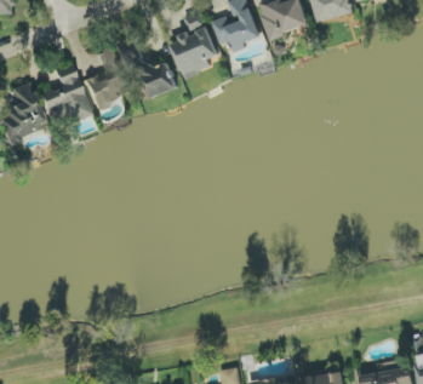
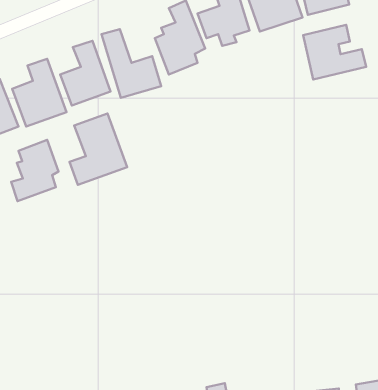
building: none -> [303,25,366,80]
building: none -> [70,113,127,185]
building: none -> [11,140,59,201]

